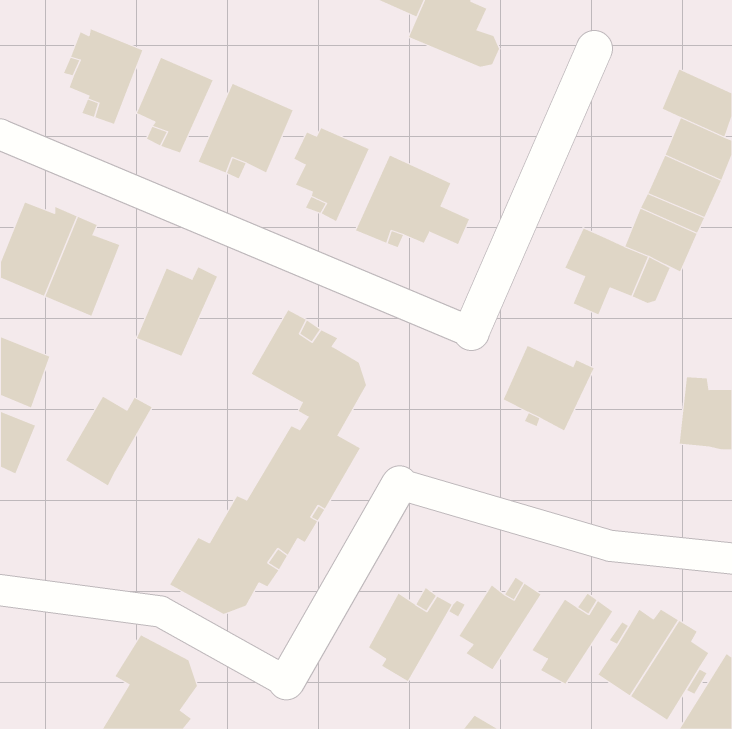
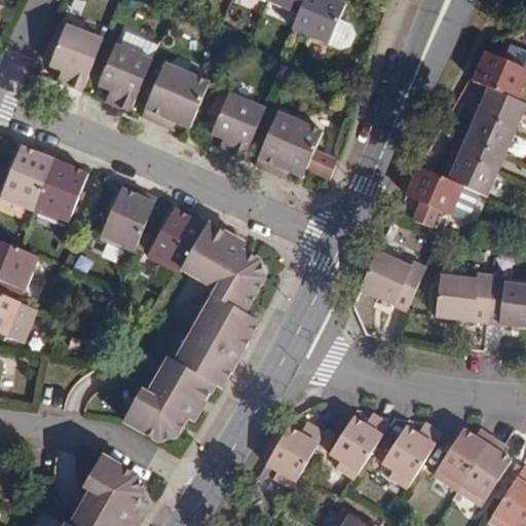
building: none -> [439,268,492,318]
building: [65,396,153,486] -> [144,214,206,278]

